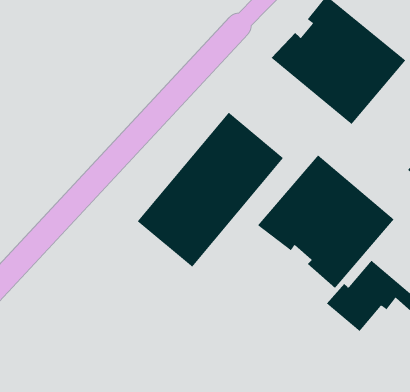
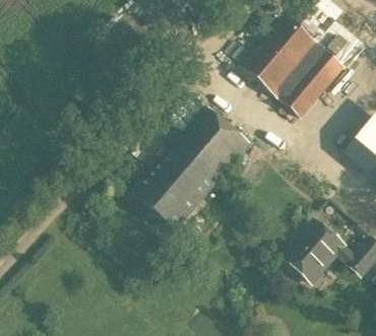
building: [257,155,395,289] -> none

